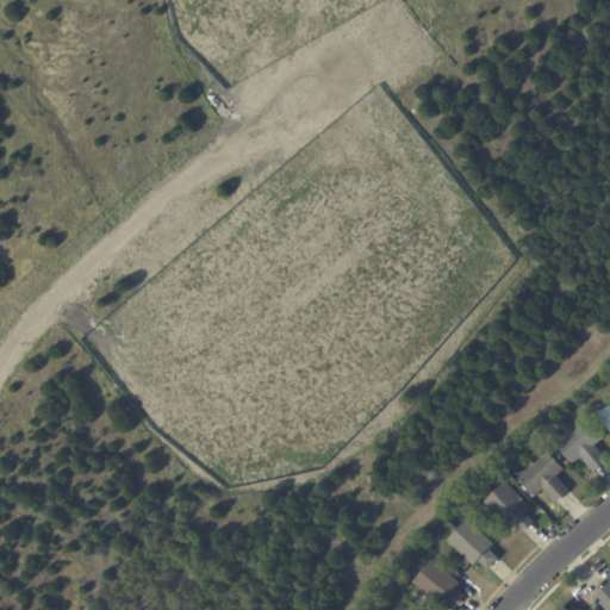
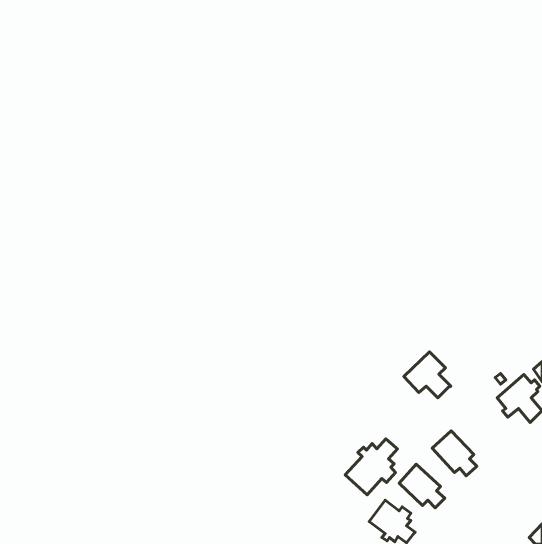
building: [516,450,568,502] -> [404,352,451,398]
building: none -> [345,439,398,495]

